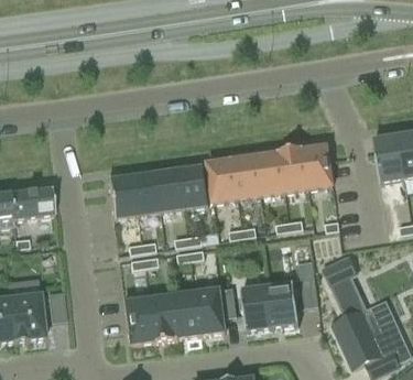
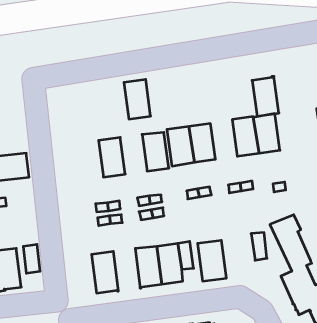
building: [254,150,284,194] -> [252,76,279,116]
building: [154,166,184,210] -> [124,79,151,119]
building: [106,173,135,217] -> none
building: [267,281,297,326] -> none
building: [146,293,176,340] -> none

